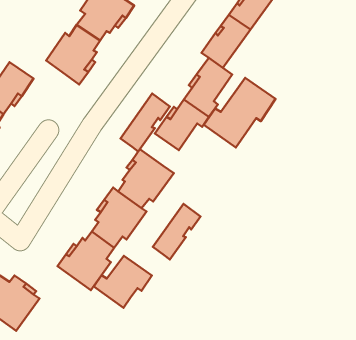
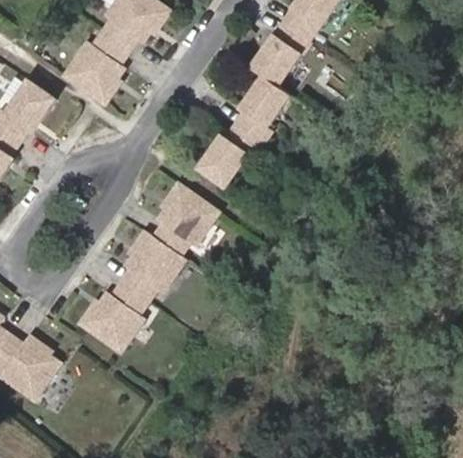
building: [204,78,275,147] -> none
building: [120,93,170,152] -> none
building: [153,204,200,259] -> none
building: [94,256,152,308] -> none

